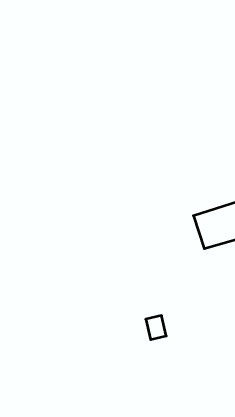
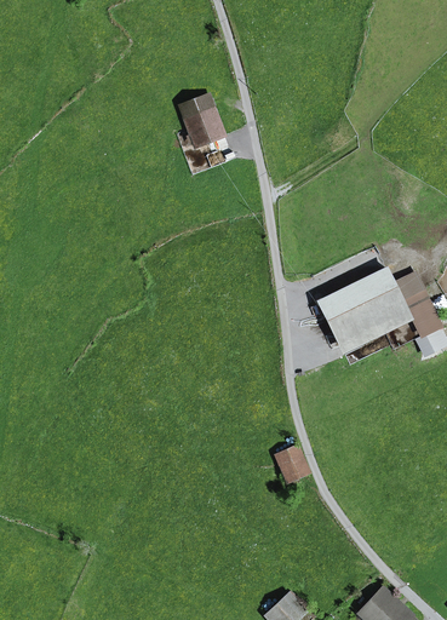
building: none -> [180,96,224,147]

